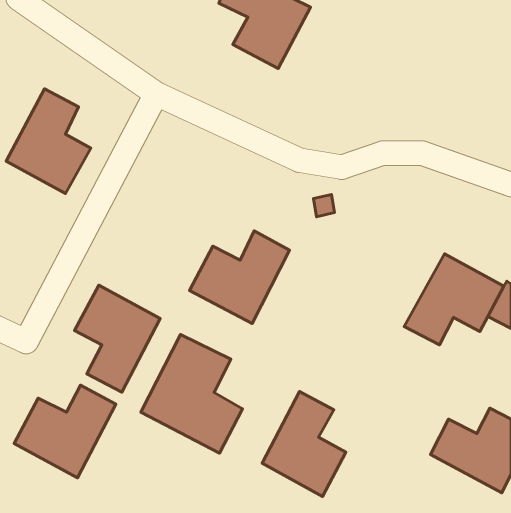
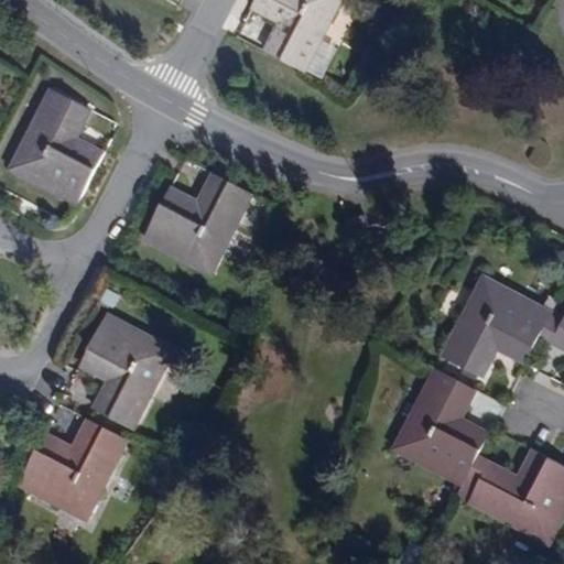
building: [190,231,289,324] -> [138,169,247,270]
building: [141,334,243,453] -> none
building: [262,392,346,496] -> [394,370,486,485]

